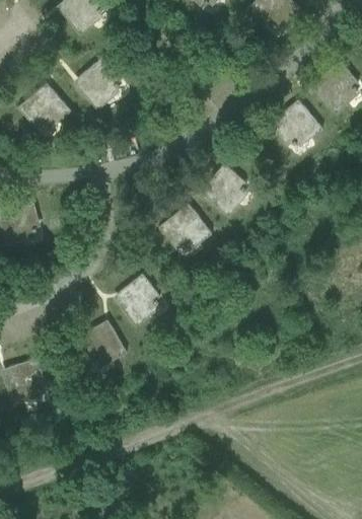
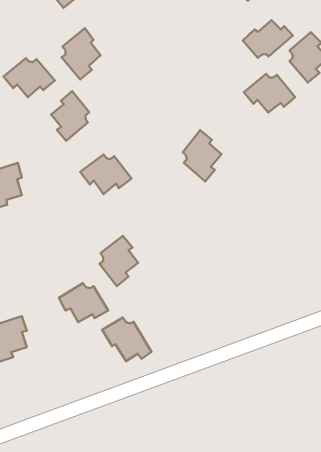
building: none -> [243,20,293,58]
building: none -> [51,91,89,141]
building: [159,209,213,250] -> [80,154,132,194]
building: none -> [102,317,152,361]

